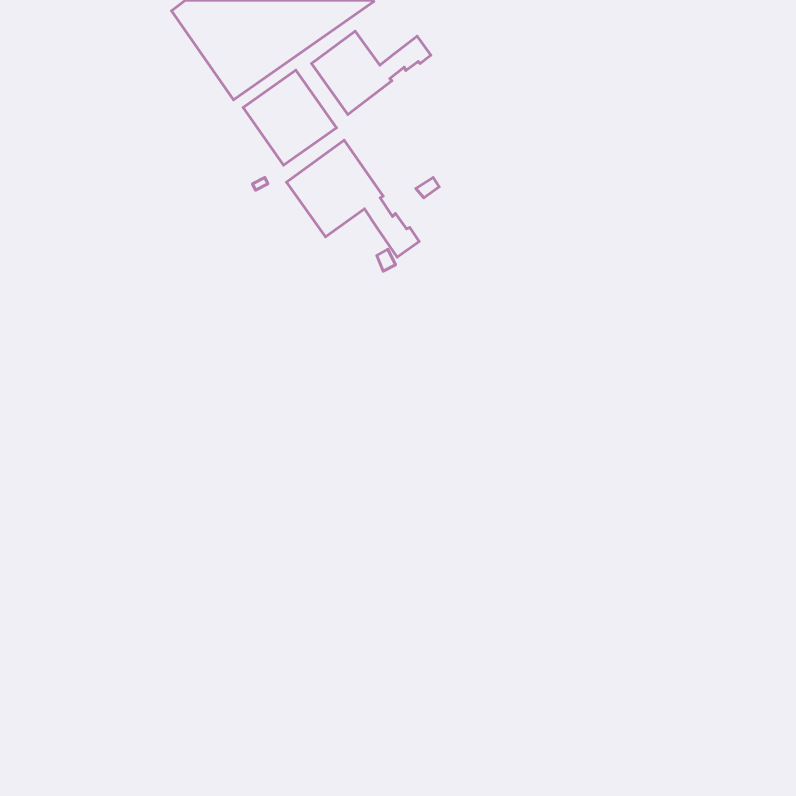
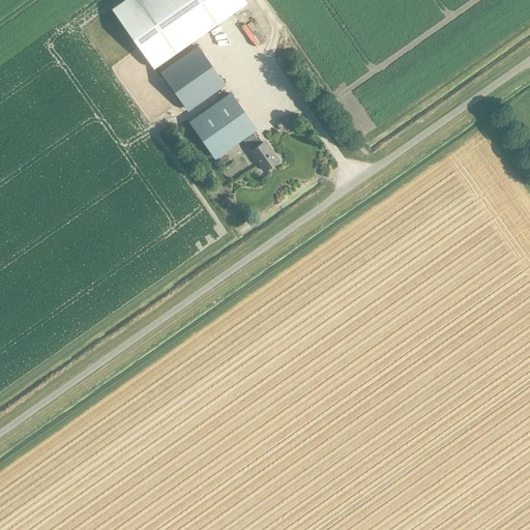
building: [311,31,431,114] -> none

